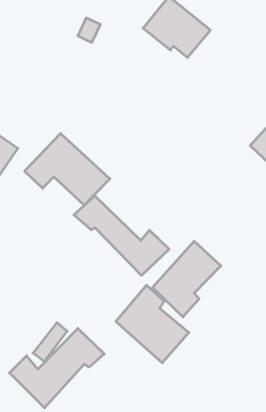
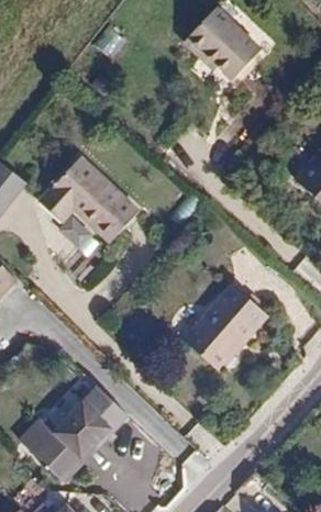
building: [74,196,169,275] -> none
building: [116,285,189,363] -> none

